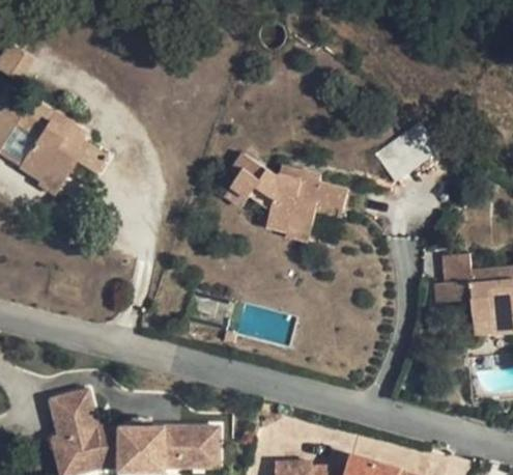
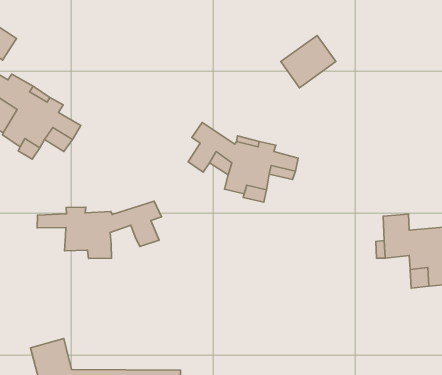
building: [372,123,433,181] -> [281,35,336,88]
building: none -> [37,201,162,259]

